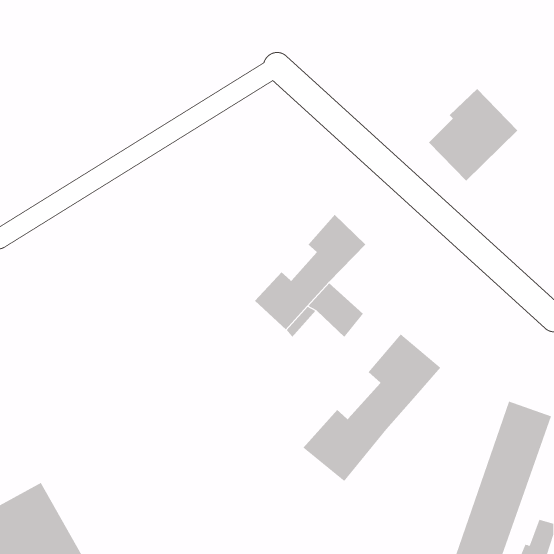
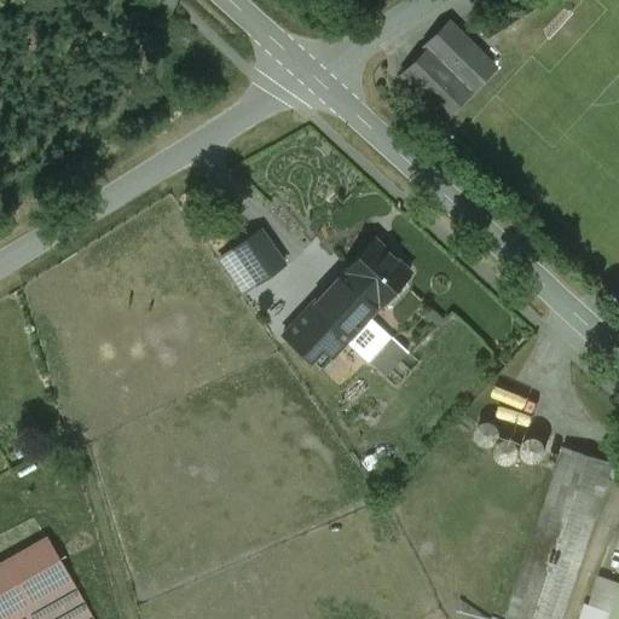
building: [428,88,518,182] -> [398,17,498,121]
building: none -> [215,228,284,295]
building: [303,333,441,482] -> none

